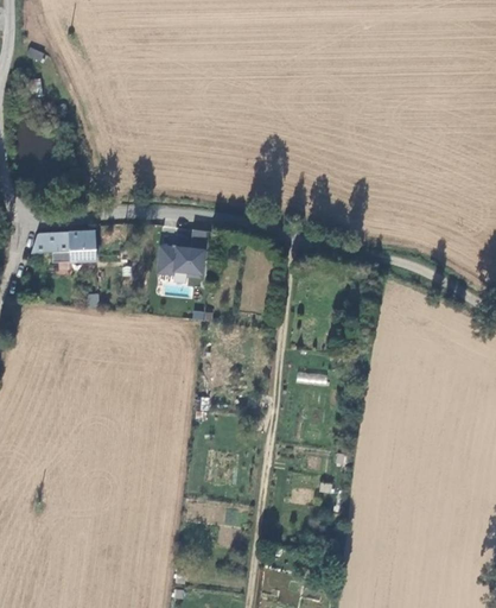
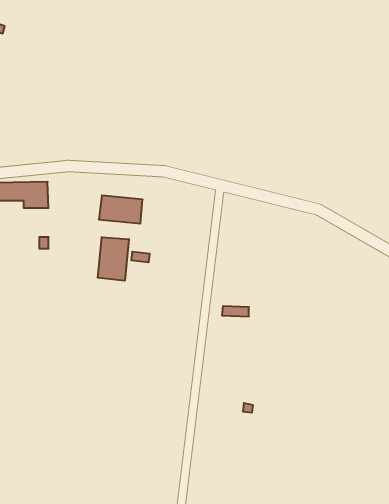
building: none -> [98,237,129,281]

